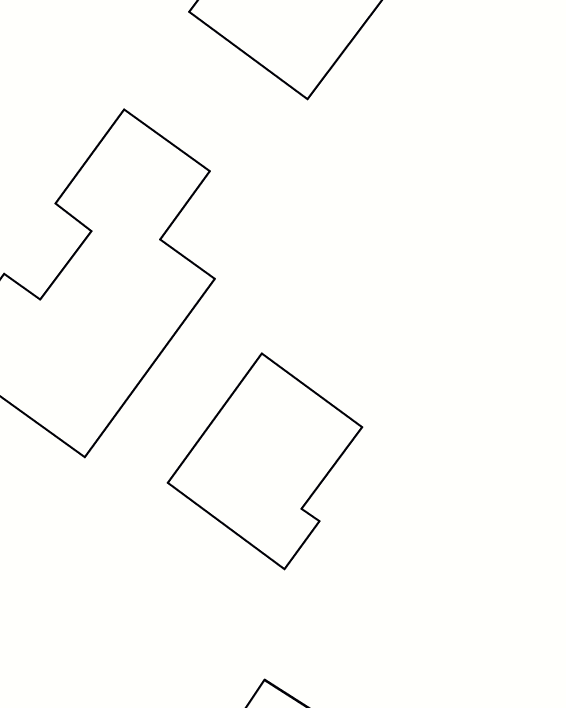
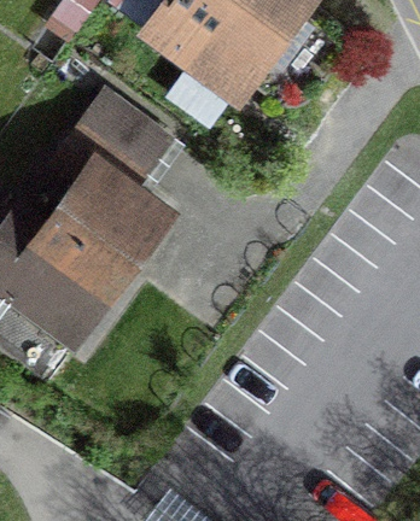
building: [168,353,362,569] -> none

